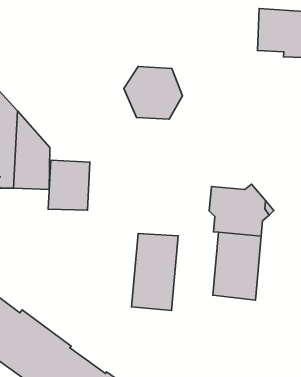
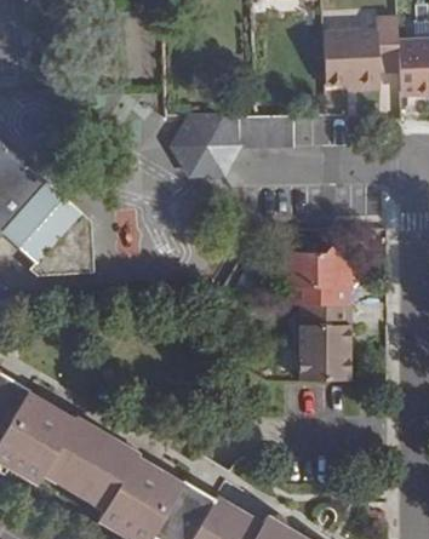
building: none -> [227,115,293,147]
building: [48,160,90,210] -> none
building: [132,233,178,310] -> none

